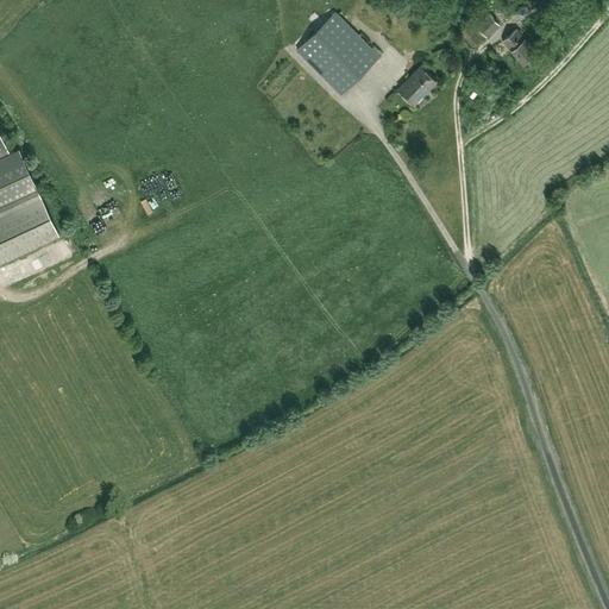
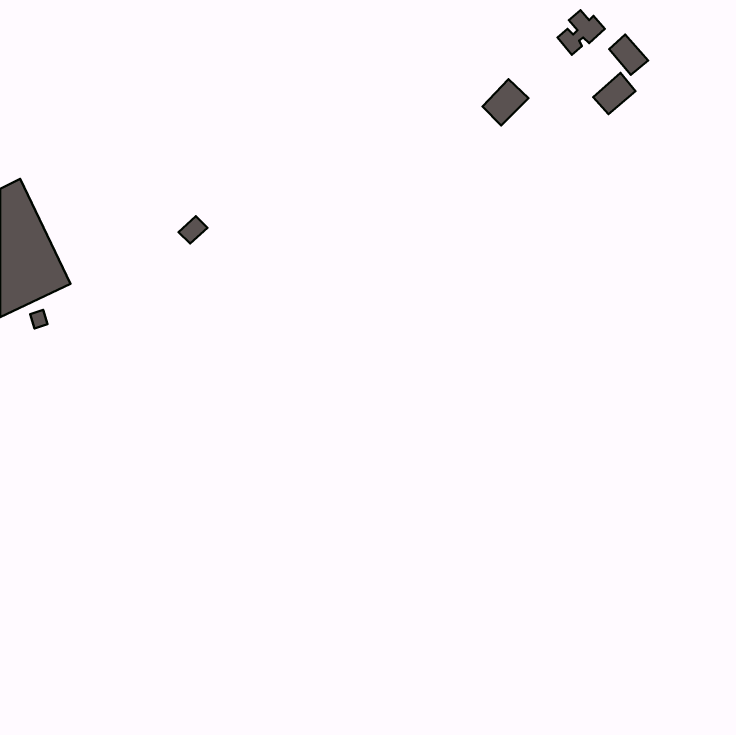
building: [296,13,379,95] -> none
building: none -> [593,73,635,114]

